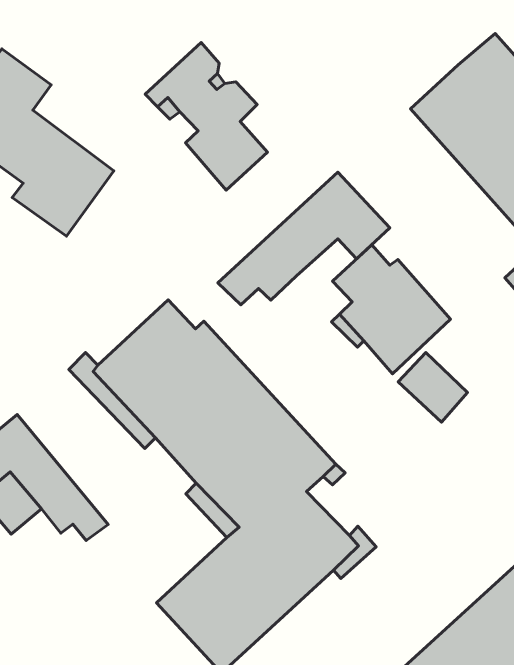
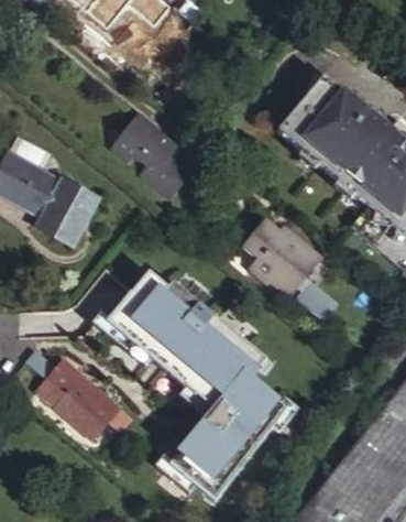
building: [218,172,390,305] -> none

